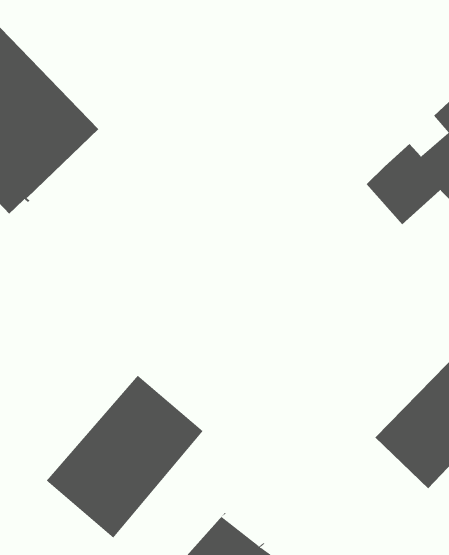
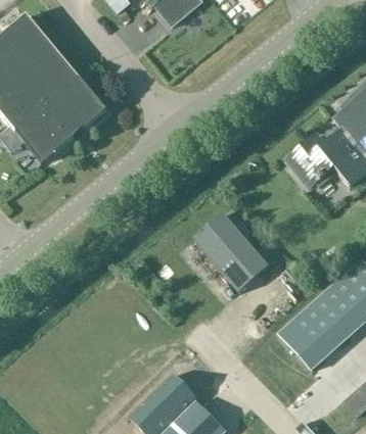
building: none -> [192,211,268,290]
building: [46,375,203,539] -> none

